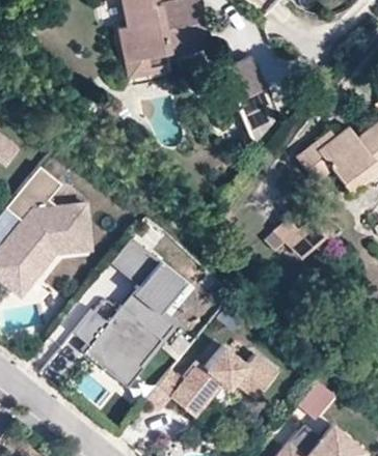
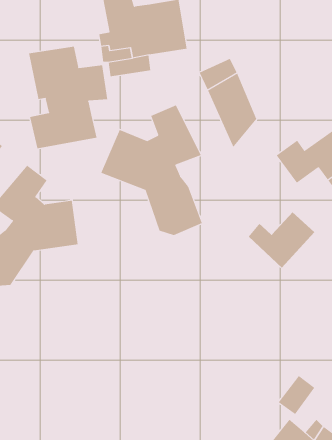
building: none -> [28,46,108,149]
building: none -> [101,105,202,236]
building: [80,241,183,384] -> none
building: [148,345,279,416] -> none

